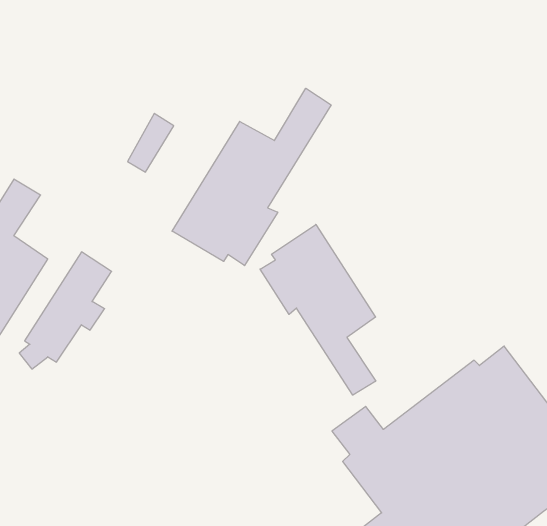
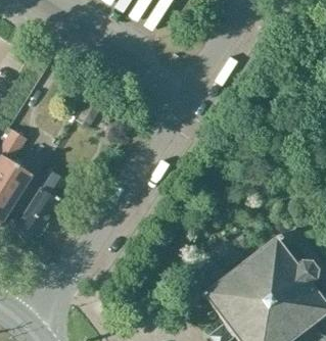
building: [172,88,331,266] -> none
building: [260,224,376,395] -> none

